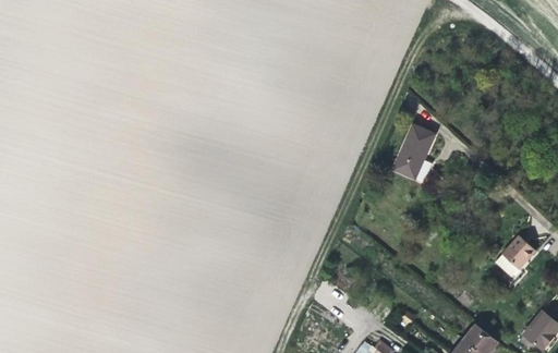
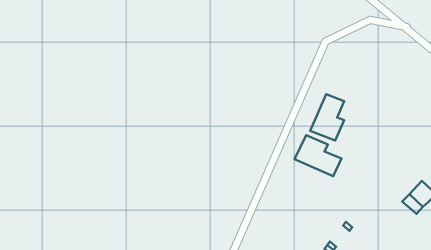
building: none -> [294,135,341,176]

